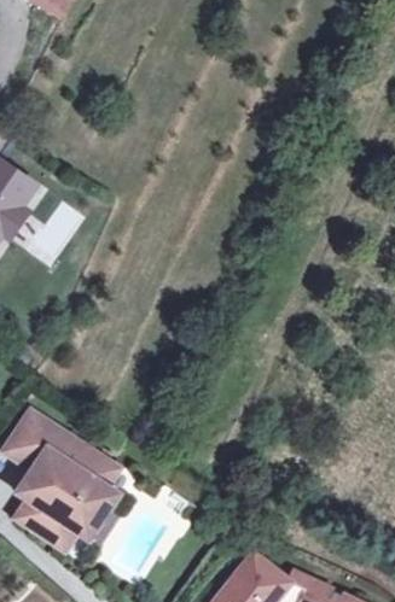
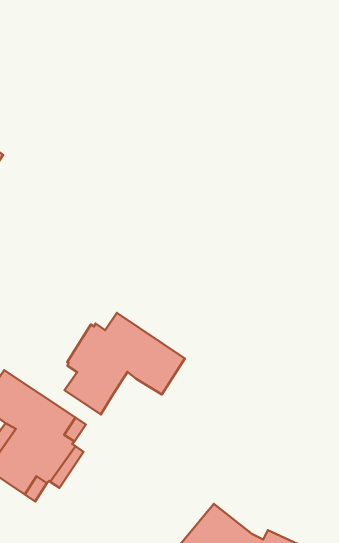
building: none -> [65,313,185,415]

